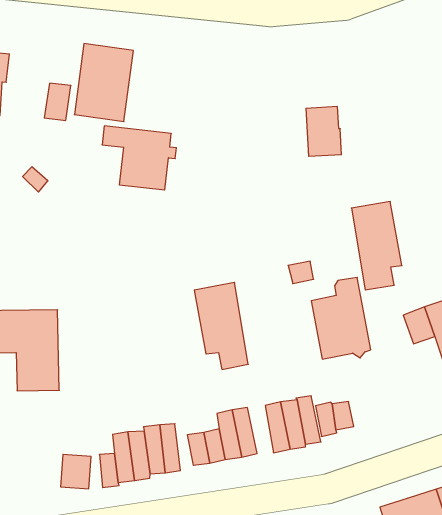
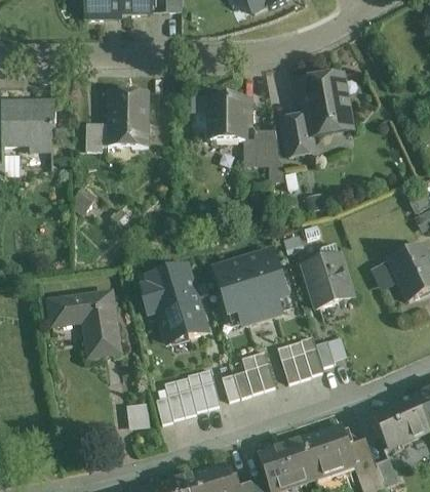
building: none -> [302,76,351,132]
building: none -> [256,129,282,160]
building: [102,126,176,190] -> [194,97,250,140]
building: [351,202,402,290] -> [244,249,287,318]
building: none -> [143,266,208,340]

